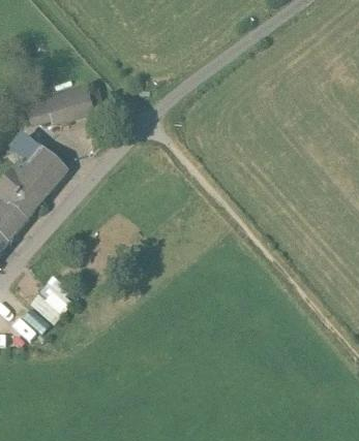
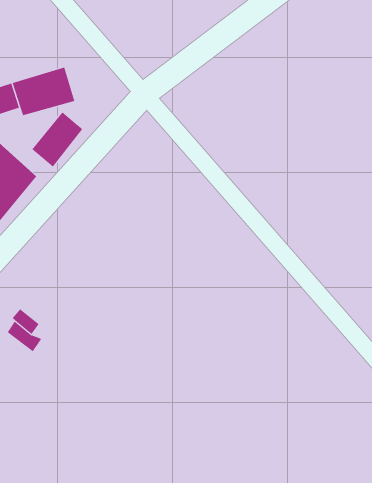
building: none -> [31,112,83,167]

